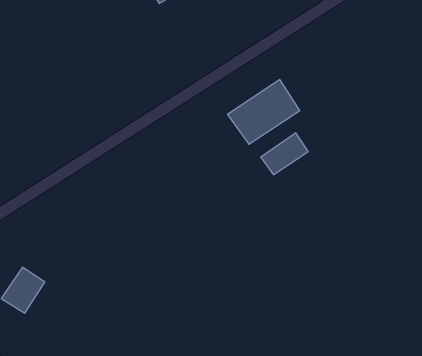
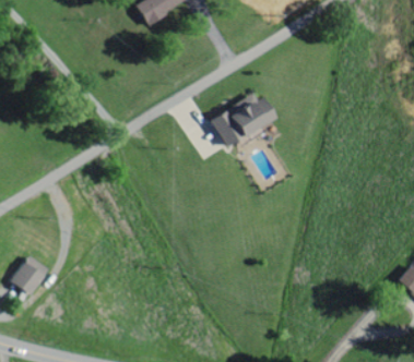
building: [261,133,308,175] -> none

